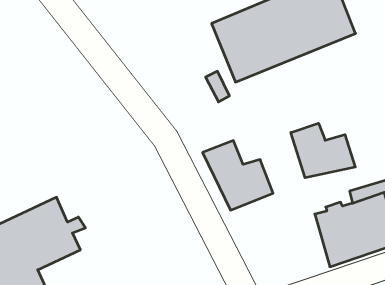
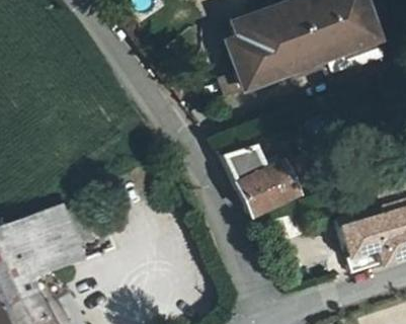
building: [291,123,355,178] -> none

